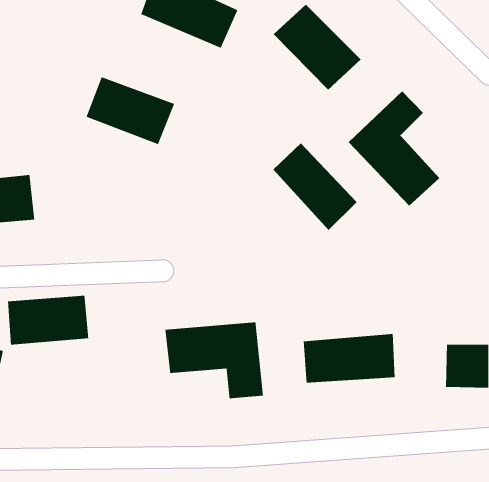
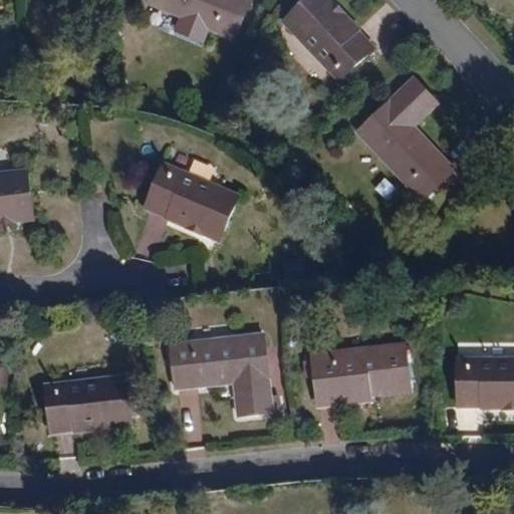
building: [86,76,175,145] -> [147,169,239,240]
building: [272,143,357,231] -> none
building: [7,295,89,346] -> [47,375,132,428]

